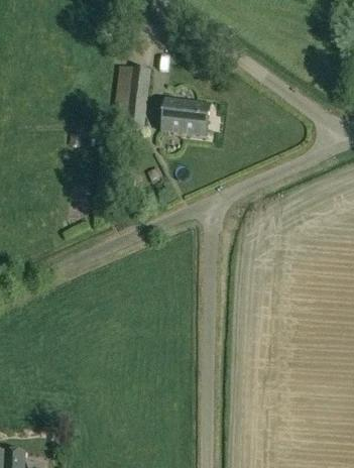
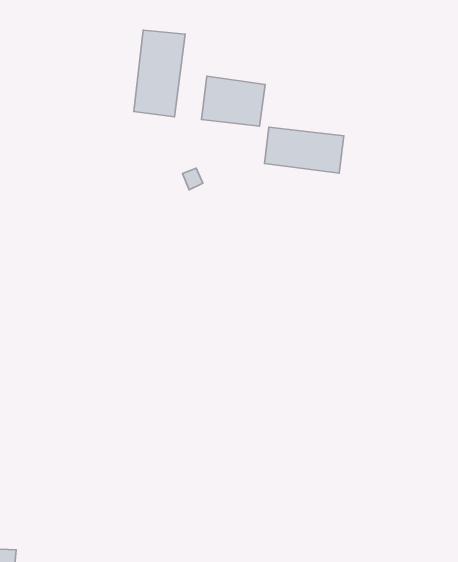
building: none -> [264,127,344,173]

